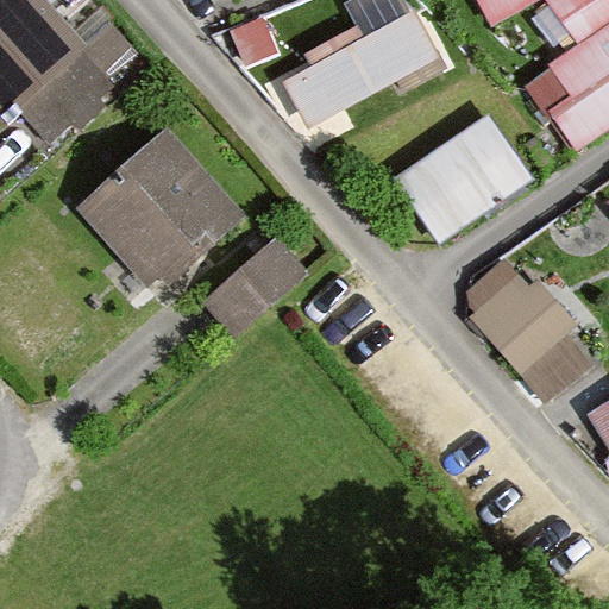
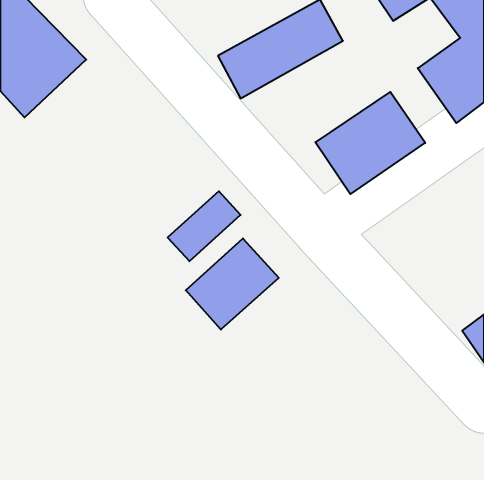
building: [90,134,239,276] -> none
building: [460,259,597,396] -> none
building: none -> [186,238,279,330]

